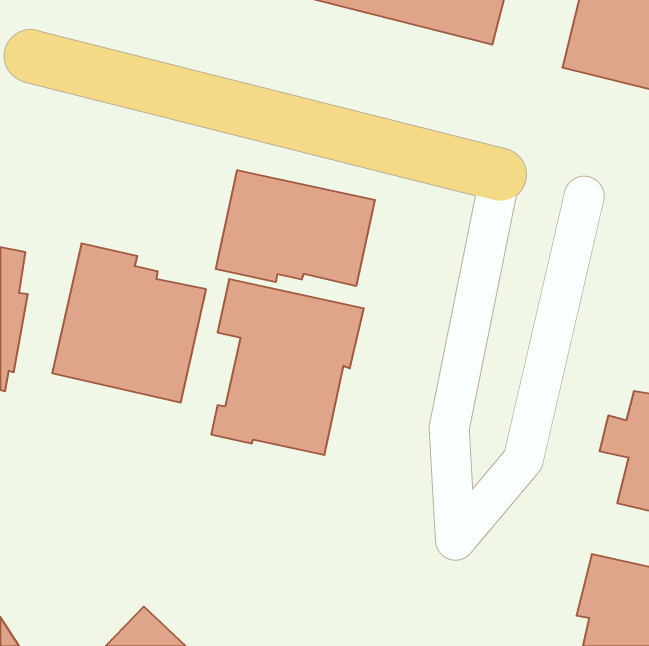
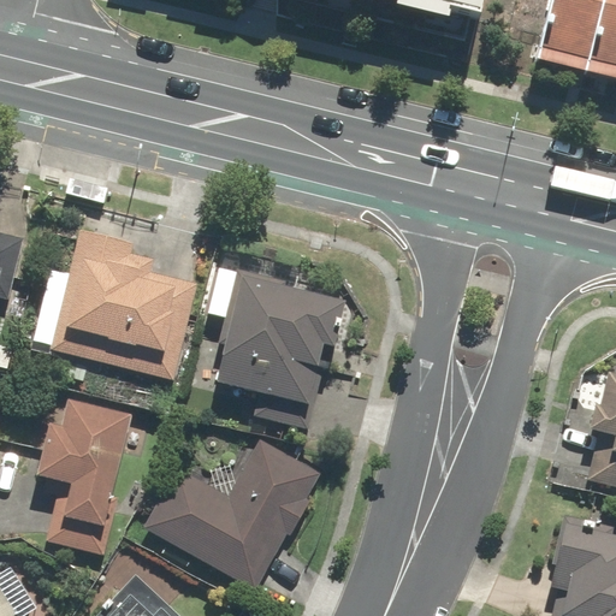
building: [216,170,375,286] -> none
building: none -> [34,399,131,550]
building: none -> [144,437,320,588]

